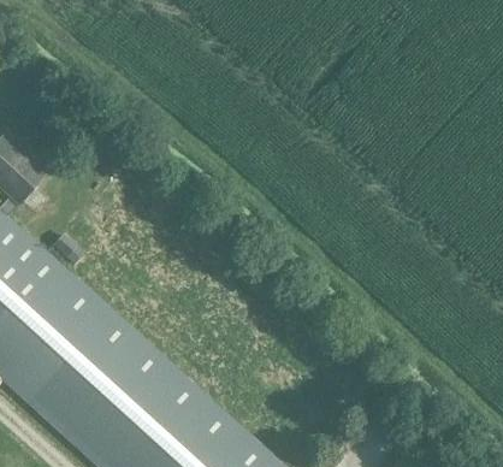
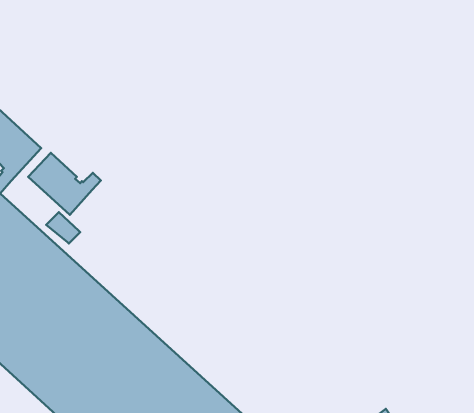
building: none -> [28,153,101,215]

